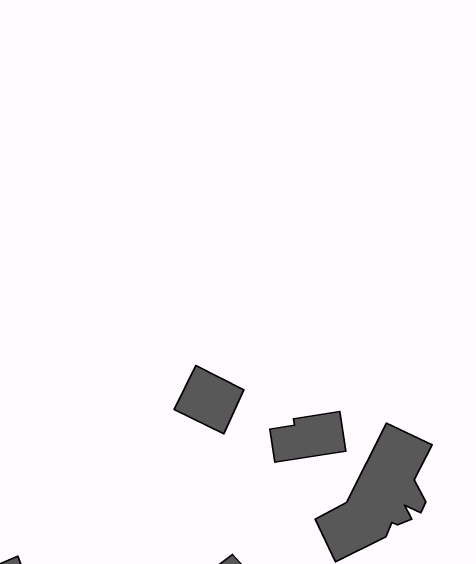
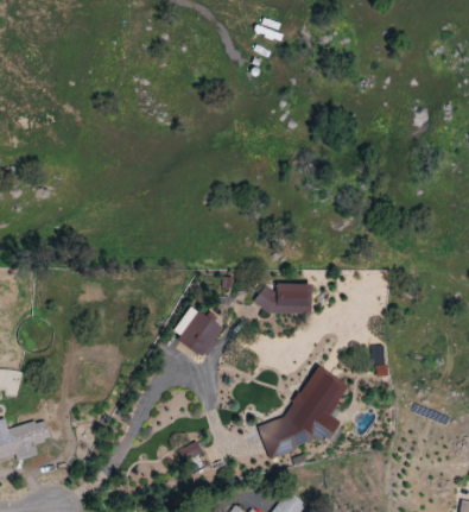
building: [270,411,346,462] -> [258,284,309,312]

